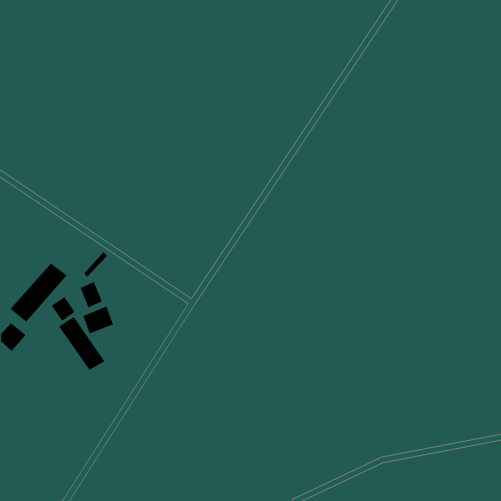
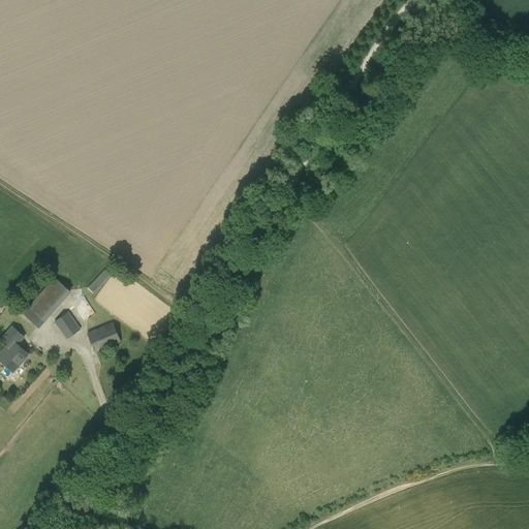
building: [80,281,103,308] -> none
building: [58,316,105,371] -> none

